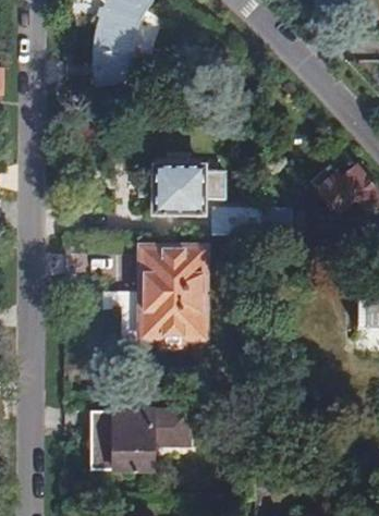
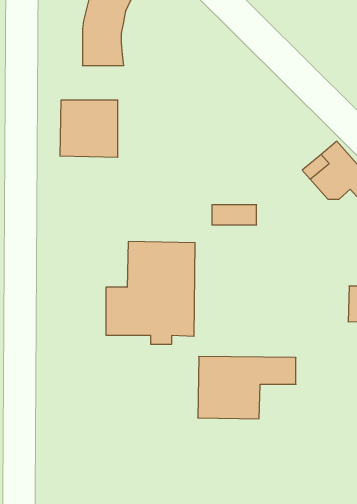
building: [154,158,210,213] -> [60,100,118,157]
building: [91,414,187,475] -> [198,356,296,419]

